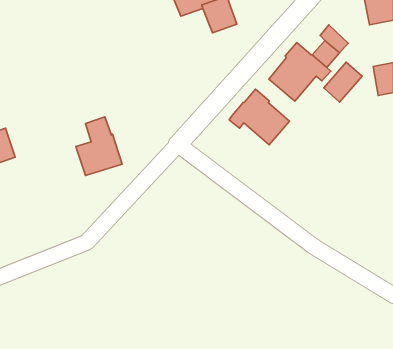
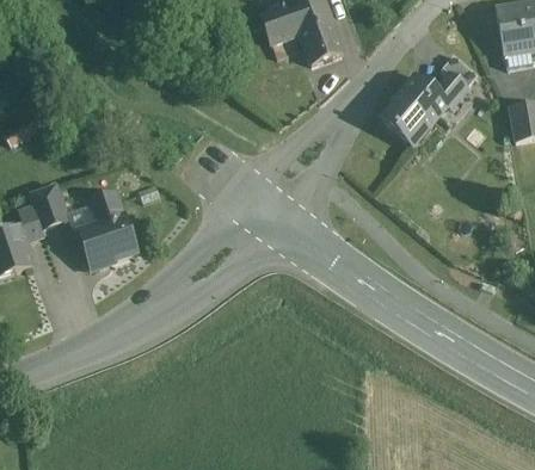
building: [324,62,362,102] -> none
building: [229,89,289,145] -> none
building: [76,117,122,176] -> [78,193,135,266]

